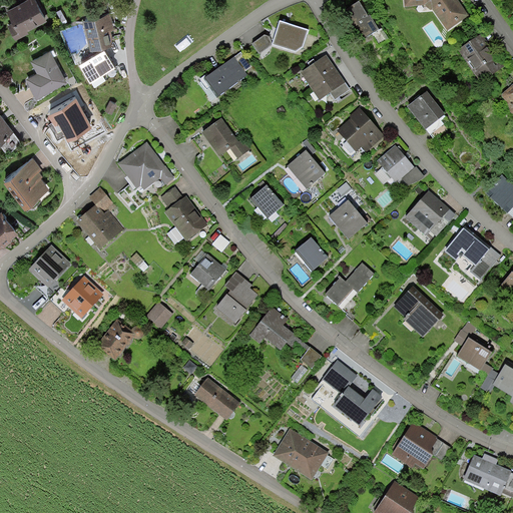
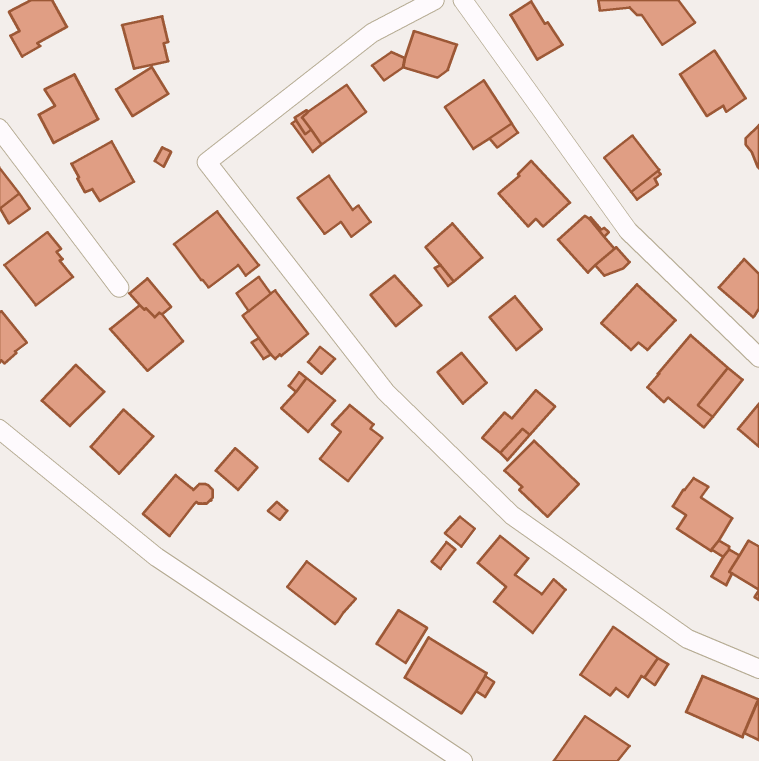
building: [393,287,443,338] -> [504,441,579,517]
building: [248,308,293,350] -> none
building: none -> [377,610,427,663]

